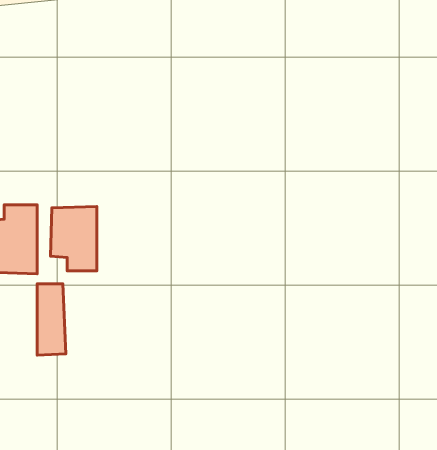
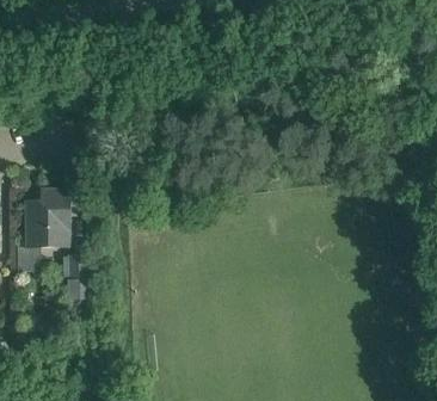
building: [50,206,97,271] -> none

